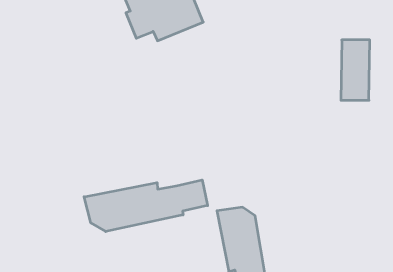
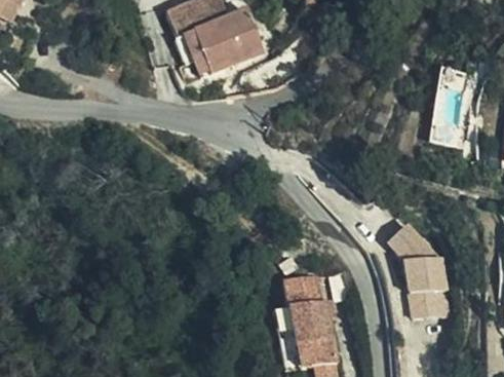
building: none -> [384,219,452,317]
building: [84,180,208,232] -> none

